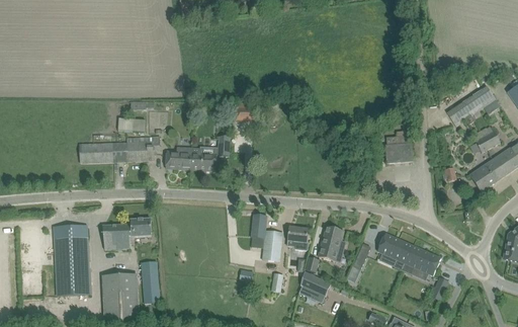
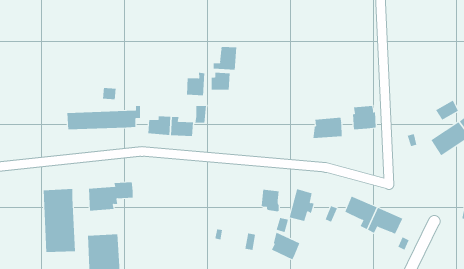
building: none -> [213,46,237,70]
building: [446,85,495,125] -> none
building: none -> [186,72,205,96]
building: none -> [313,117,342,139]
building: [242,214,282,260] -> none
building: [140,260,158,303] -> none

